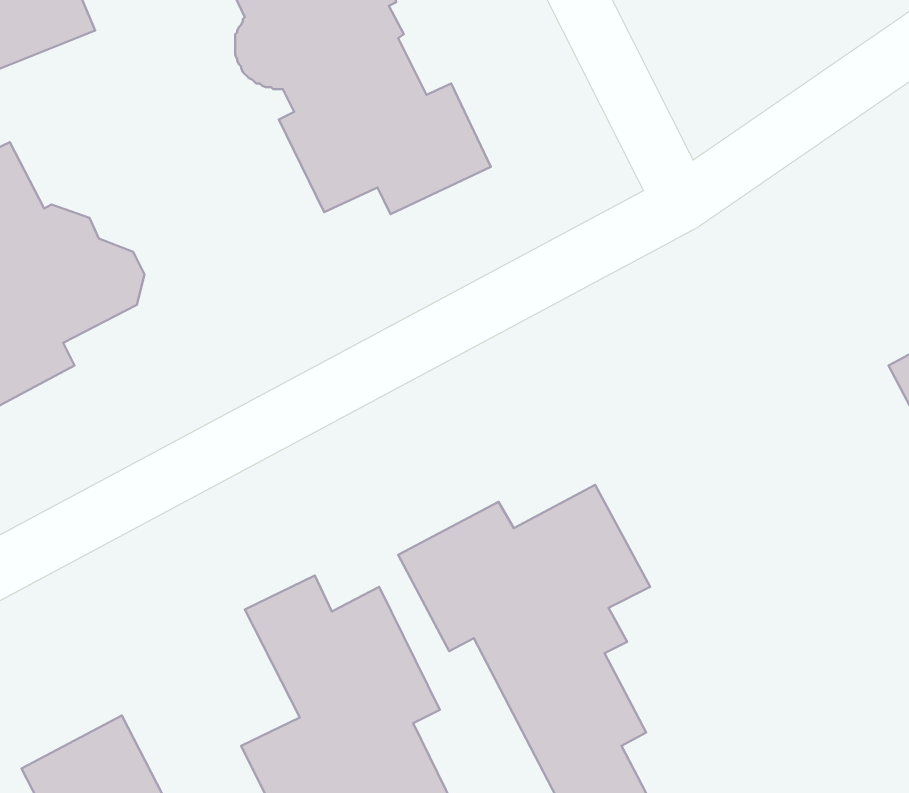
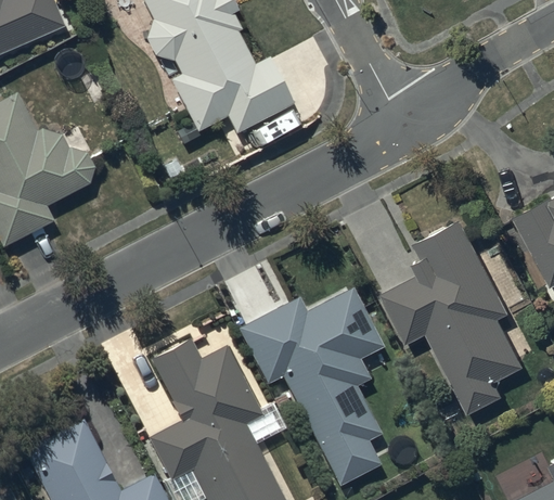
building: none -> [384,218,524,416]

